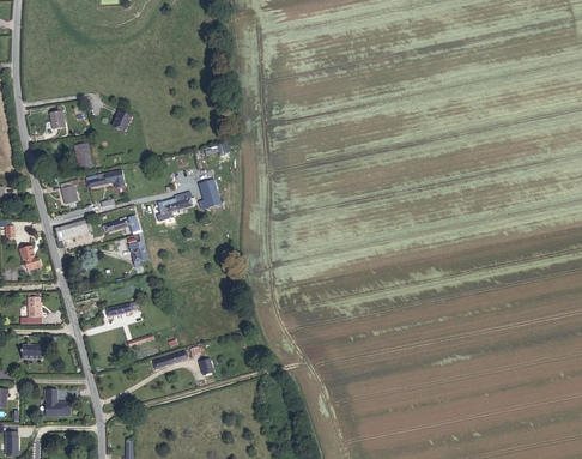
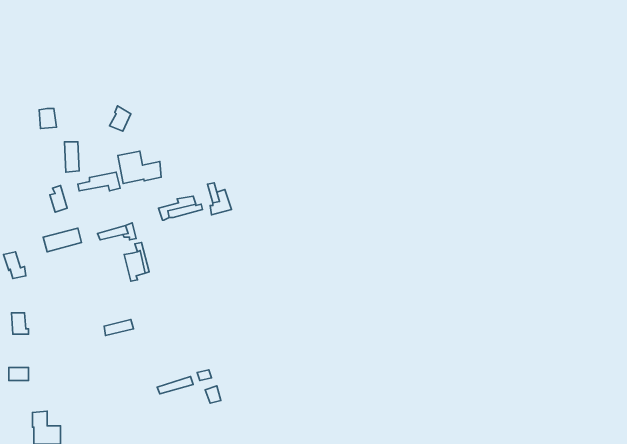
building: none -> [118,151,161,183]

